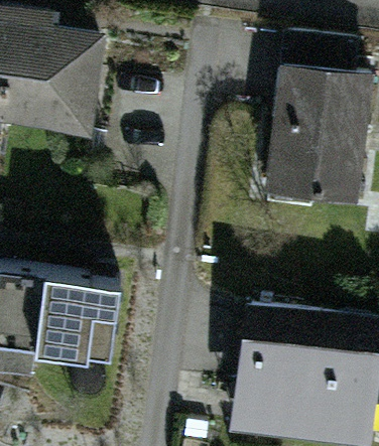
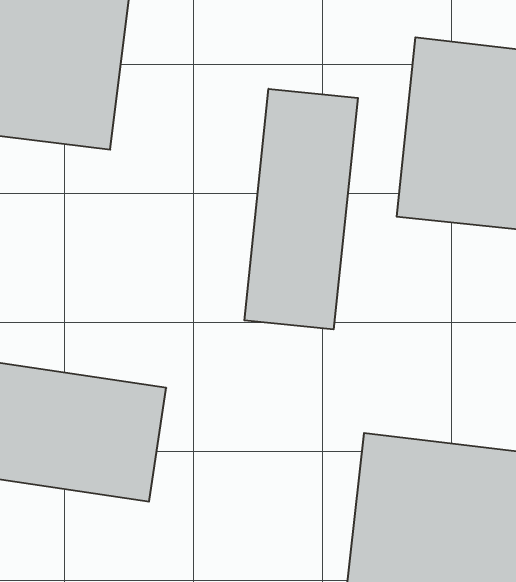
building: none -> [244,89,358,329]

